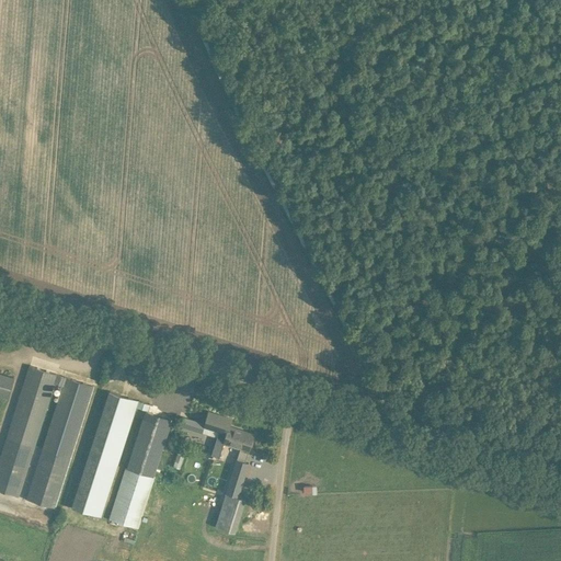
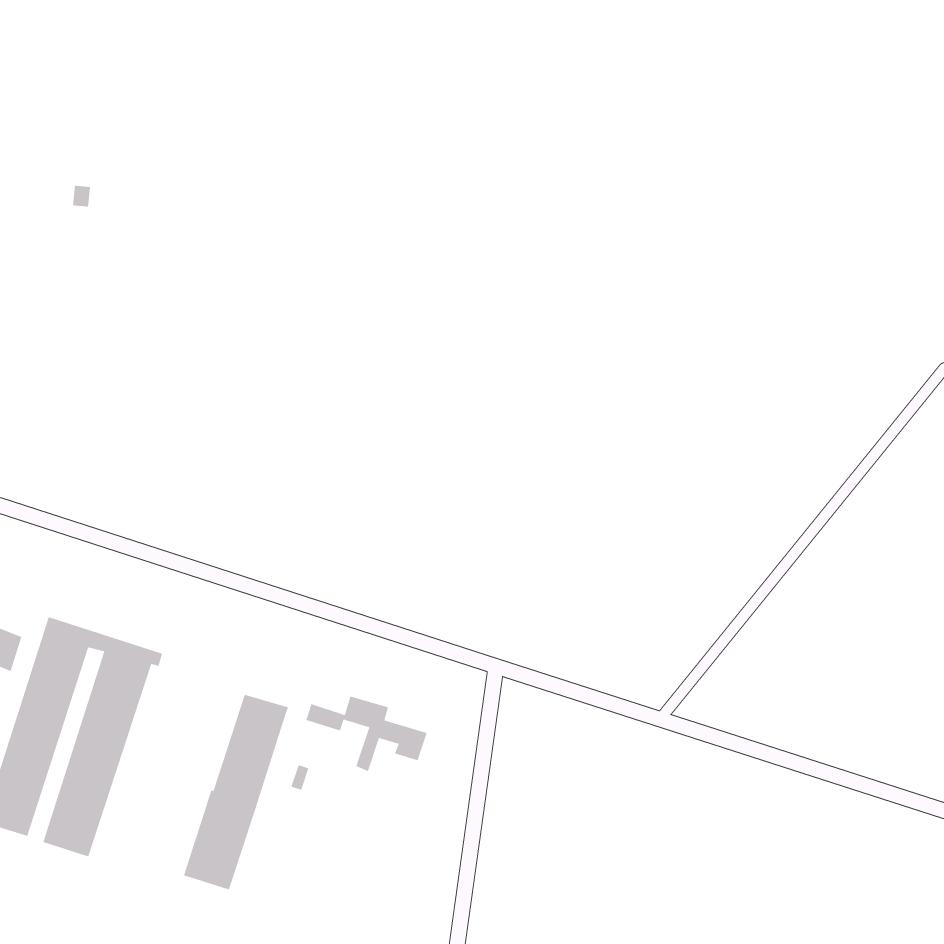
building: [72,392,145,515] -> none
building: [215,449,248,533] -> none

